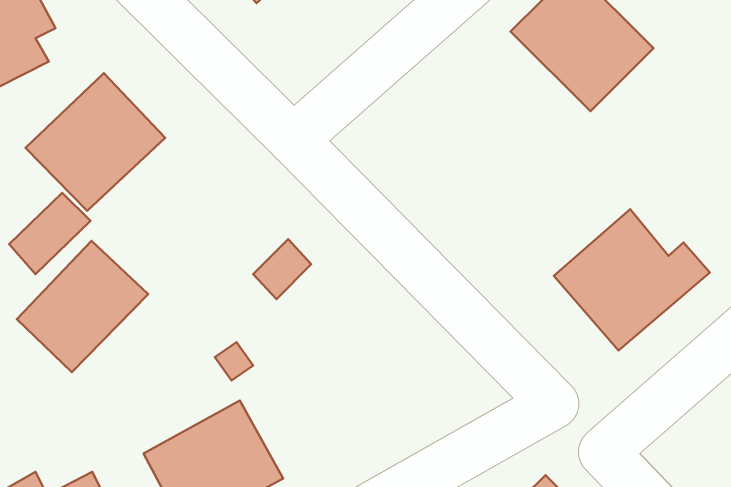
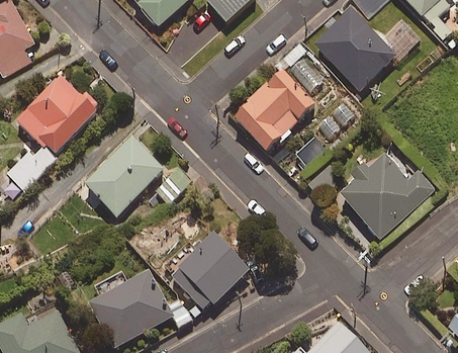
building: none -> [235,68,315,149]
building: [17,241,148,372] -> [86,135,166,214]
building: none -> [172,231,249,307]

